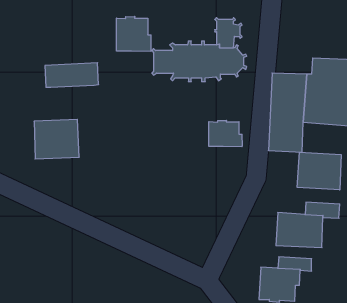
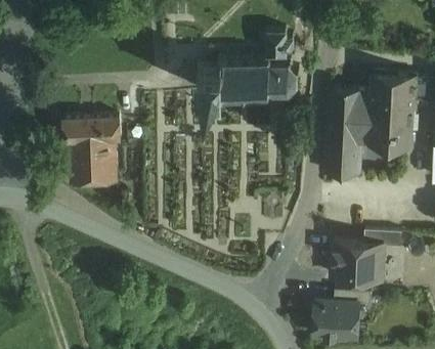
building: [117,16,151,51] -> none
building: [45,63,99,87] -> [62,117,121,143]
building: [209,120,242,147] -> none
building: [297,152,341,190] -> none

